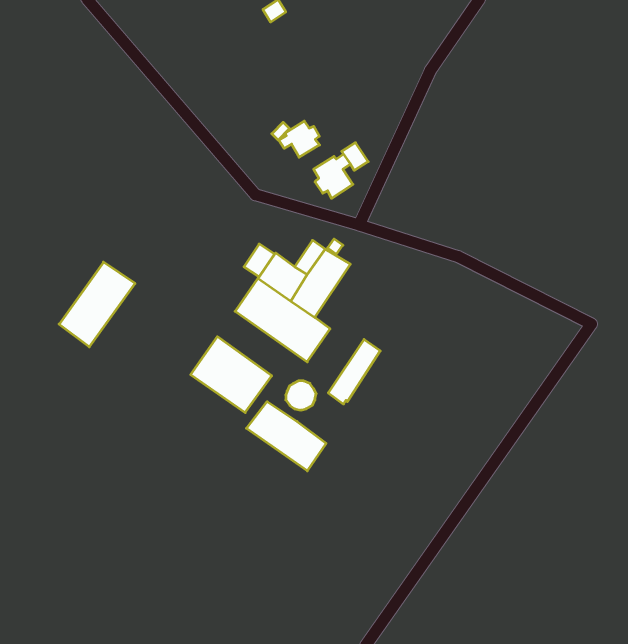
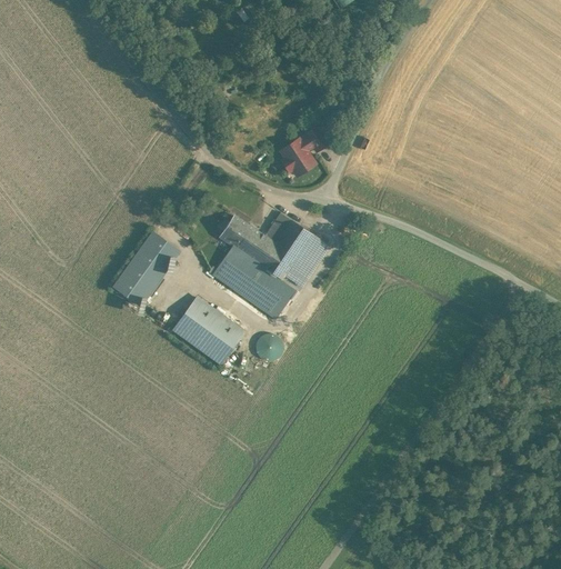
building: [279,121,320,157] -> none
building: [59,262,135,347] -> [113,231,180,306]
building: [328,339,380,404] -> [282,233,328,290]
building: [246,402,326,471] -> none

